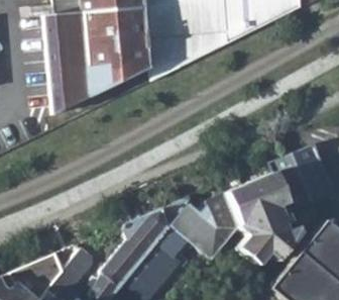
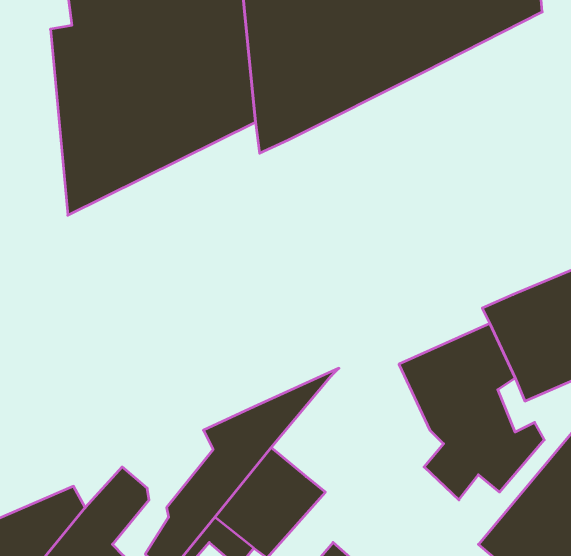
building: [159,192,242,255] -> none

